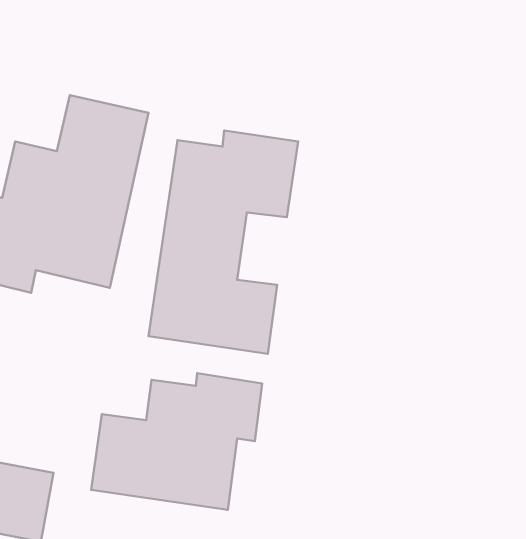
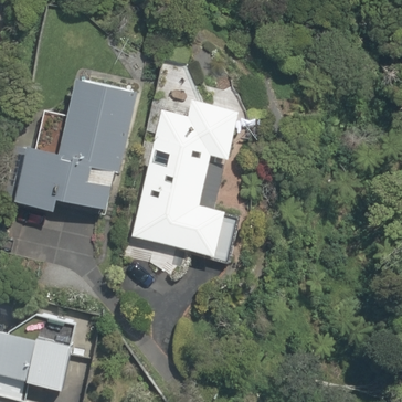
building: [91,373,262,510] -> none

